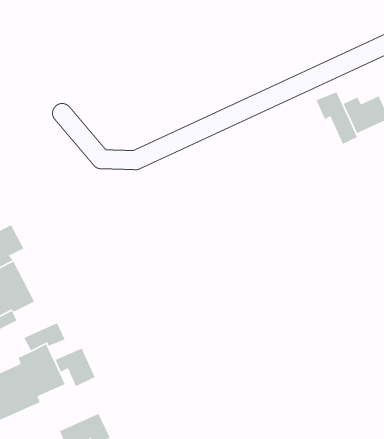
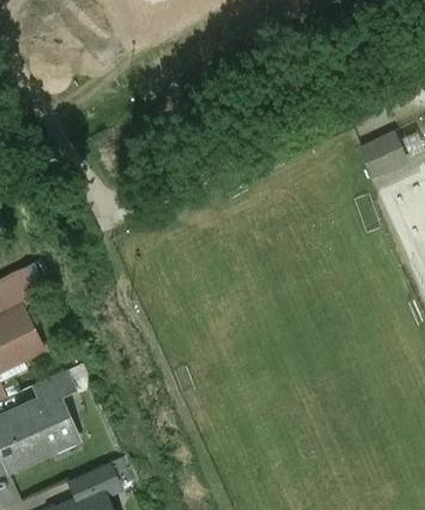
building: [315,91,358,145] -> none
building: [55,347,96,387] -> none

